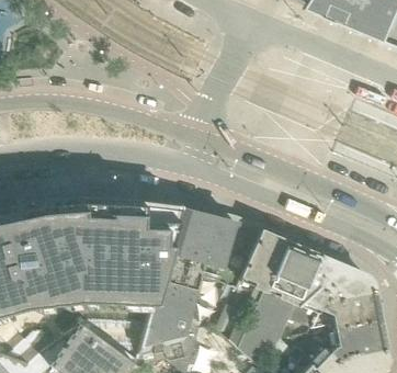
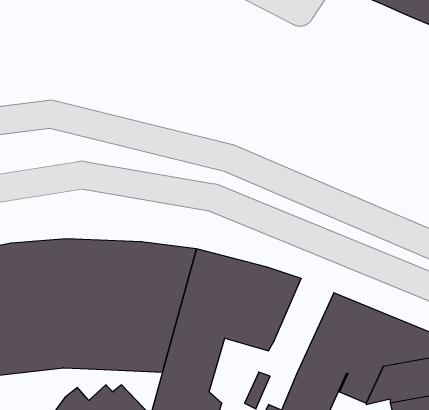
building: [242,233,288,306] -> none

